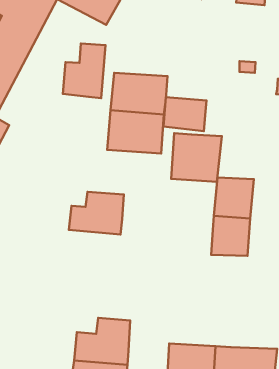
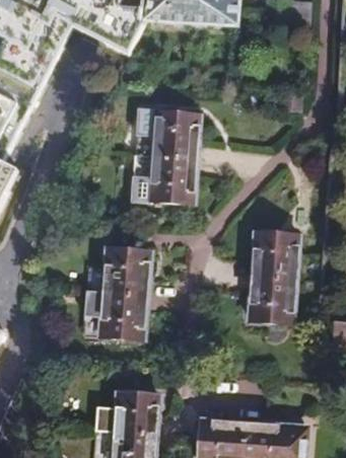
building: [63,43,105,98] -> none
building: [164,97,206,131] -> none
building: [171,133,222,182] -> none
building: none -> [82,289,145,353]

